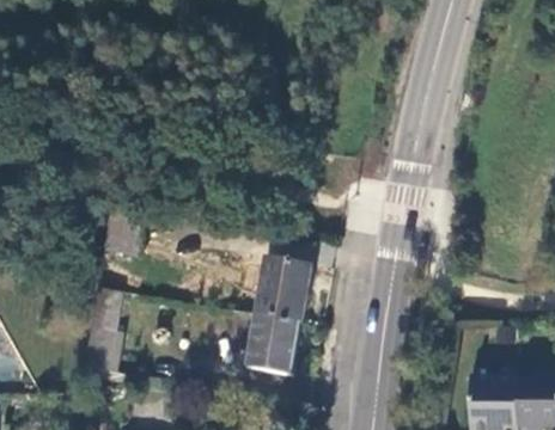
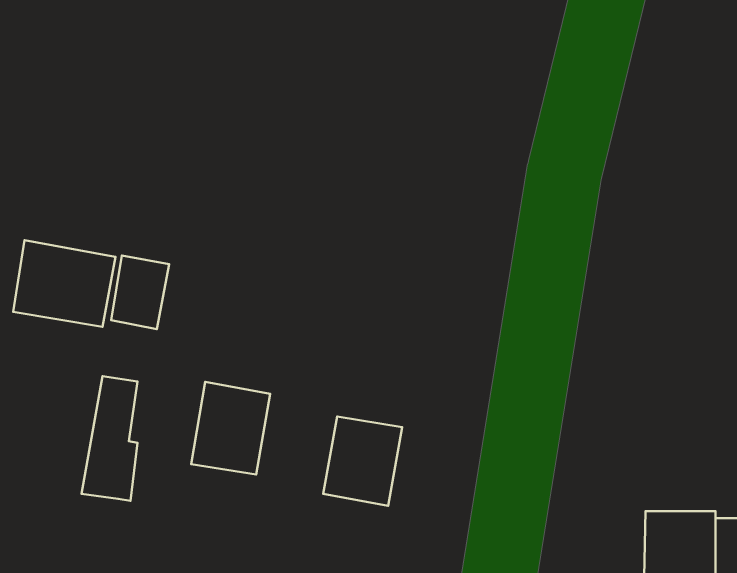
building: none -> [13,240,115,327]
building: [258,257,312,320] -> [191,382,270,475]

